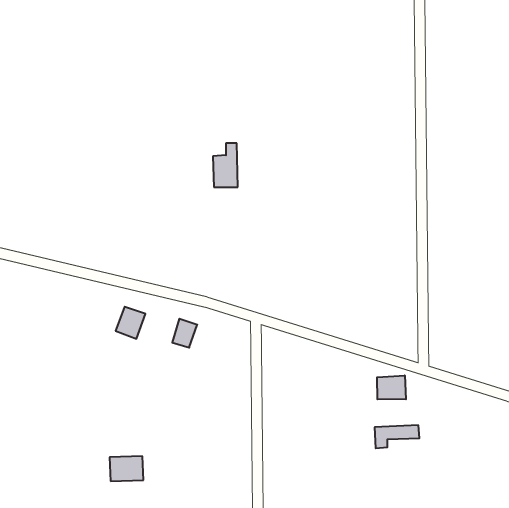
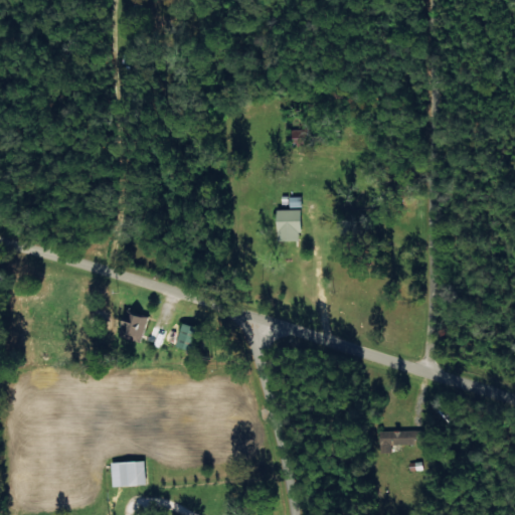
building: [213,143,238,187] -> [276,197,301,241]
building: [377,375,406,399] -> none

